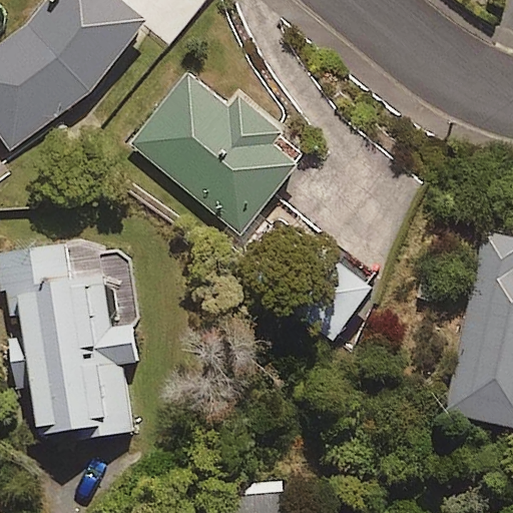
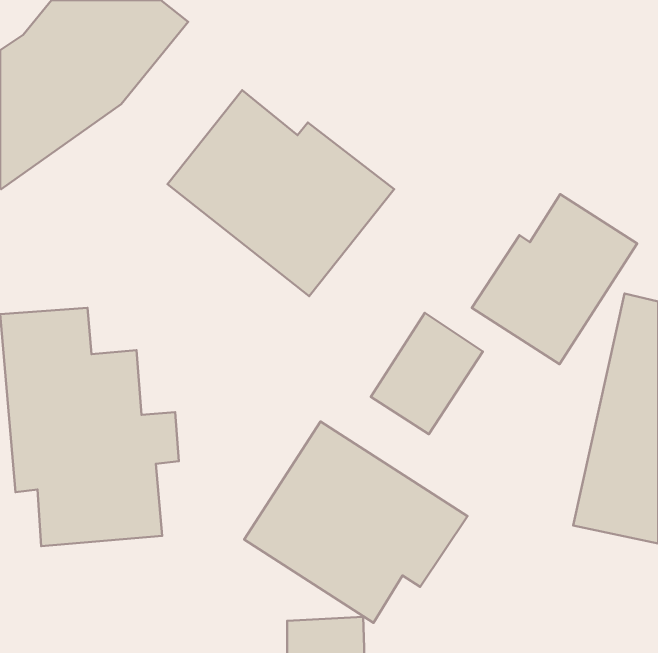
building: none -> [472,194,637,364]
building: none -> [244,421,467,623]

